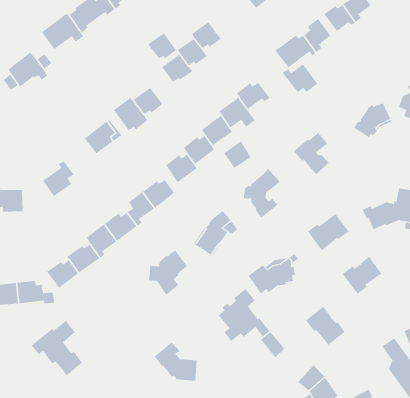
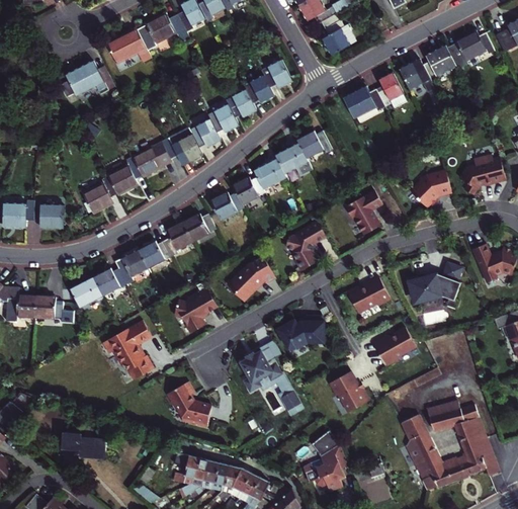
building: [147,33,177,59] -> [207,104,237,132]
building: [282,64,318,93] -> none
building: none -> [107,160,142,195]
building: [223,141,252,169] -> none
building: [31,320,83,376] -> [103,323,154,380]

